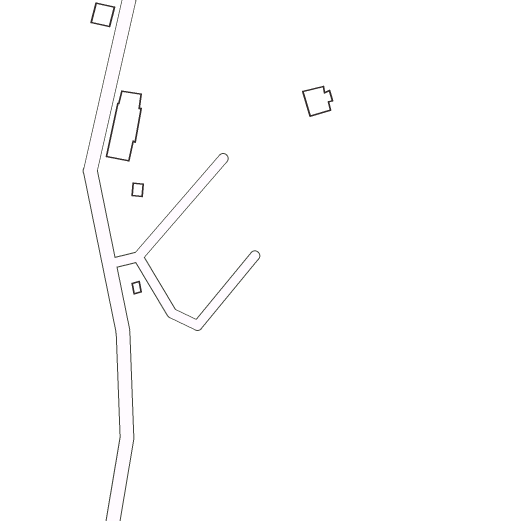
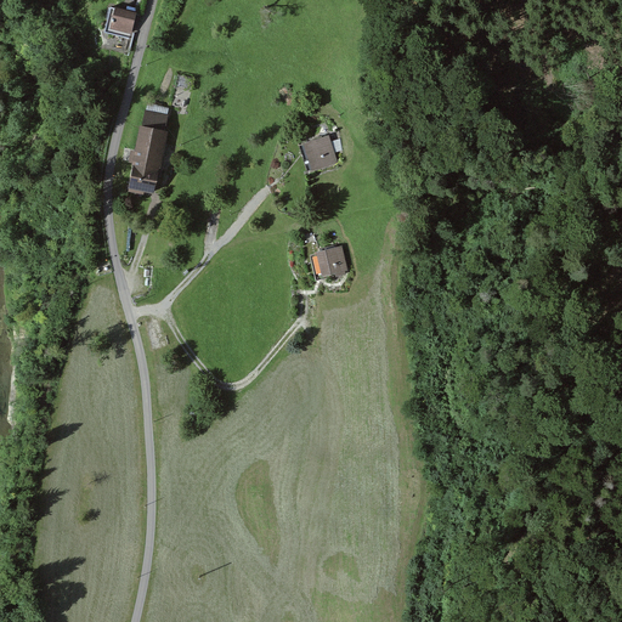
building: [303,87,333,116] -> [304,136,339,171]
building: none -> [309,245,347,282]

